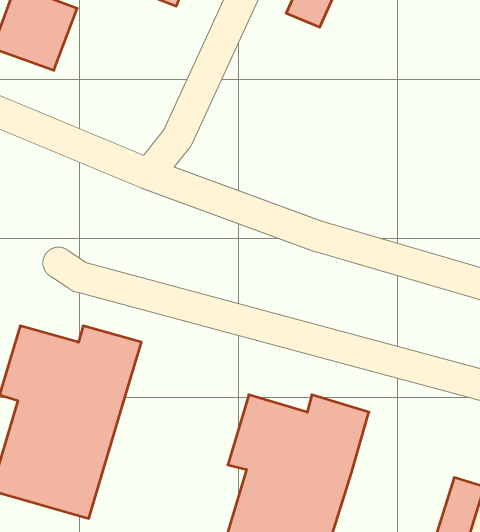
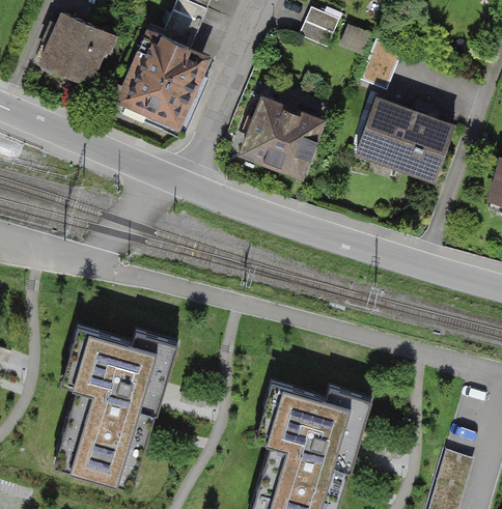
building: none -> [118,31,211,128]
building: none -> [238,94,328,186]
building: none -> [355,95,457,192]

